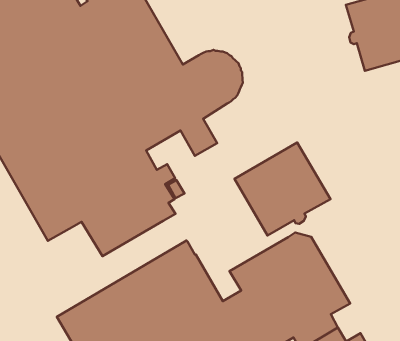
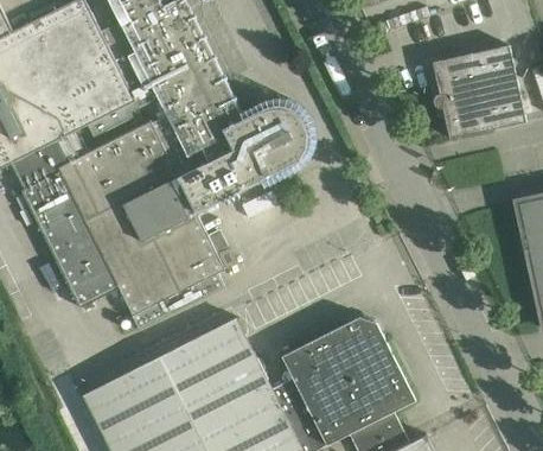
building: [235,143,330,235] -> none

